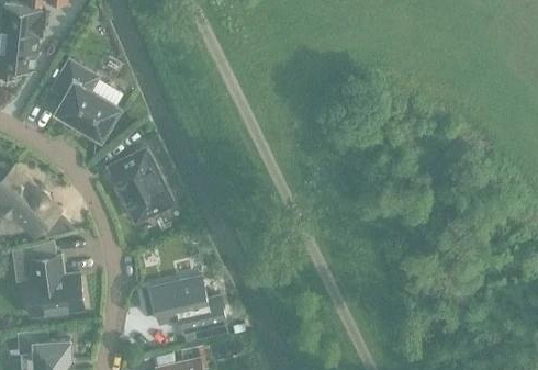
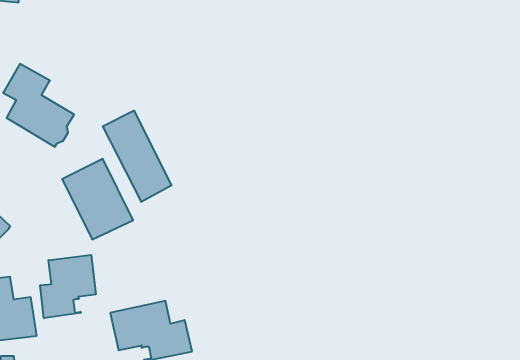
building: none -> [103,111,171,202]
building: none -> [40,255,96,318]

